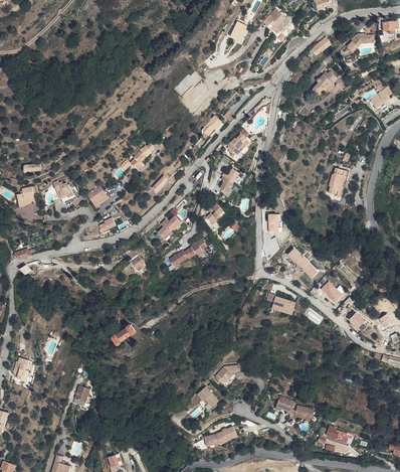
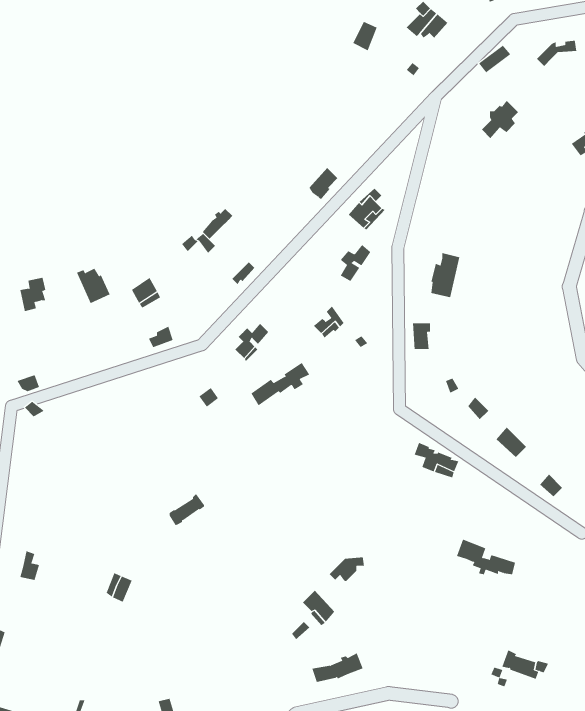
building: [328,168,347,197] -> [430,252,460,298]
building: [275,396,314,419] -> [456,539,516,575]

